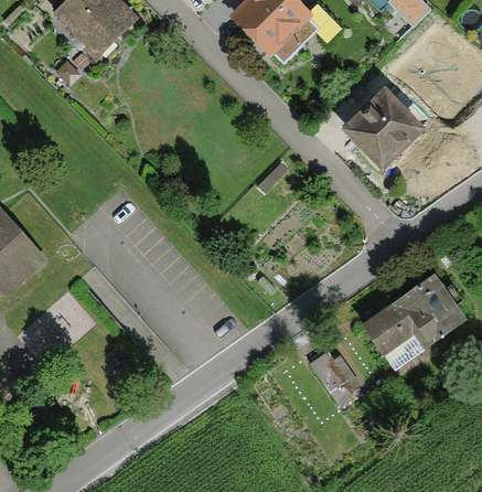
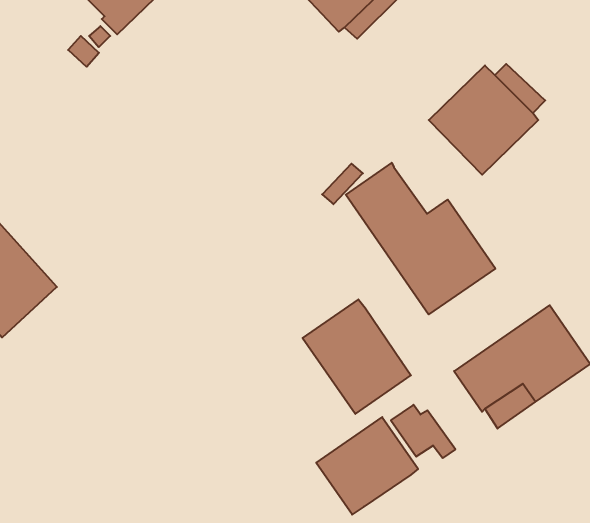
building: none -> [346,163,495,314]
building: none -> [303,299,411,414]
building: none -> [316,417,418,515]

